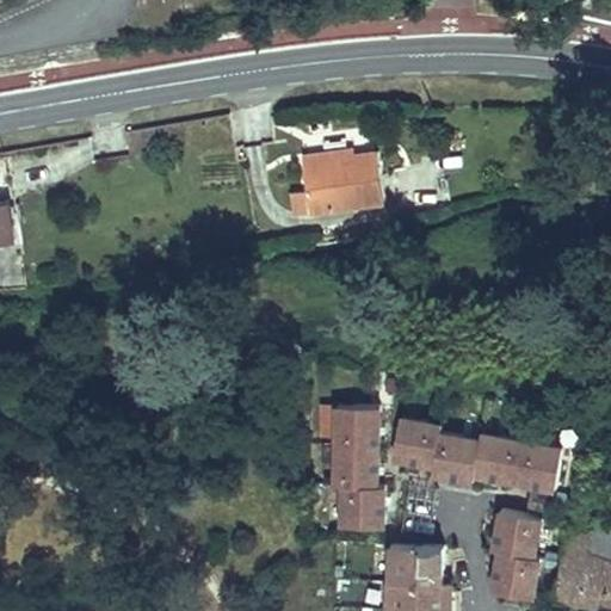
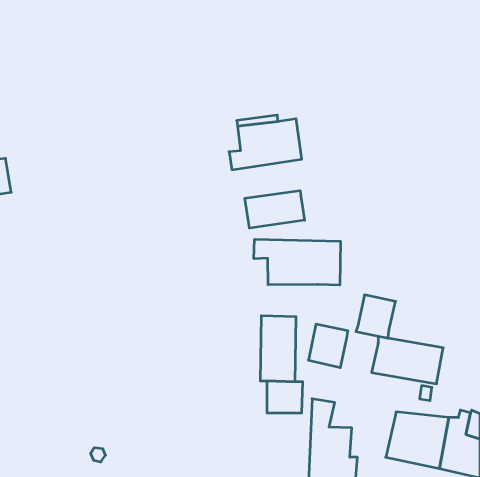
building: none -> [245,191,305,228]
building: none -> [254,239,340,285]
building: [428,432,479,487] -> [356,295,396,338]

